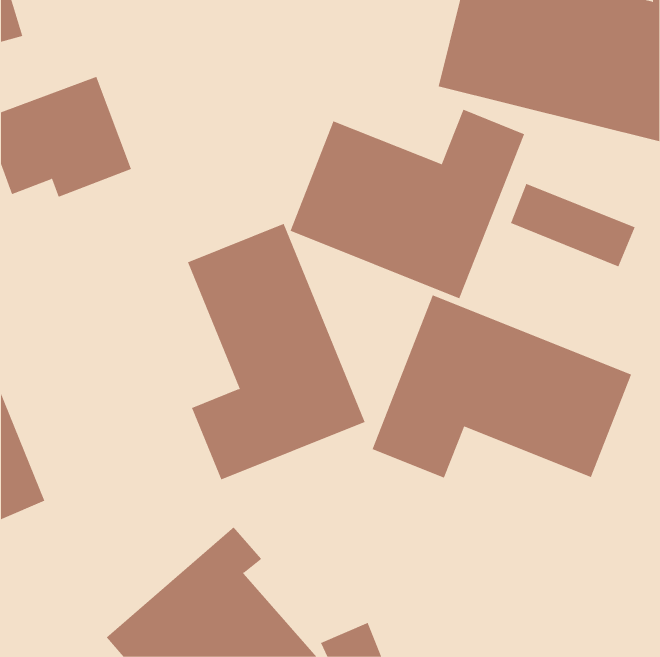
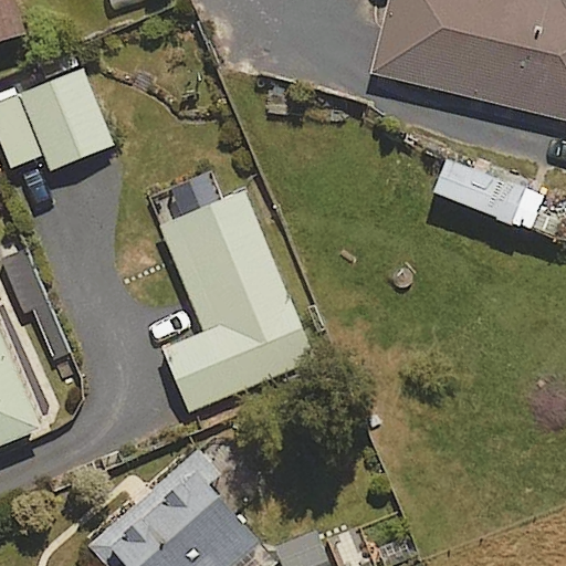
building: [290,109,525,299] -> none
building: [372,295,632,478] -> none

